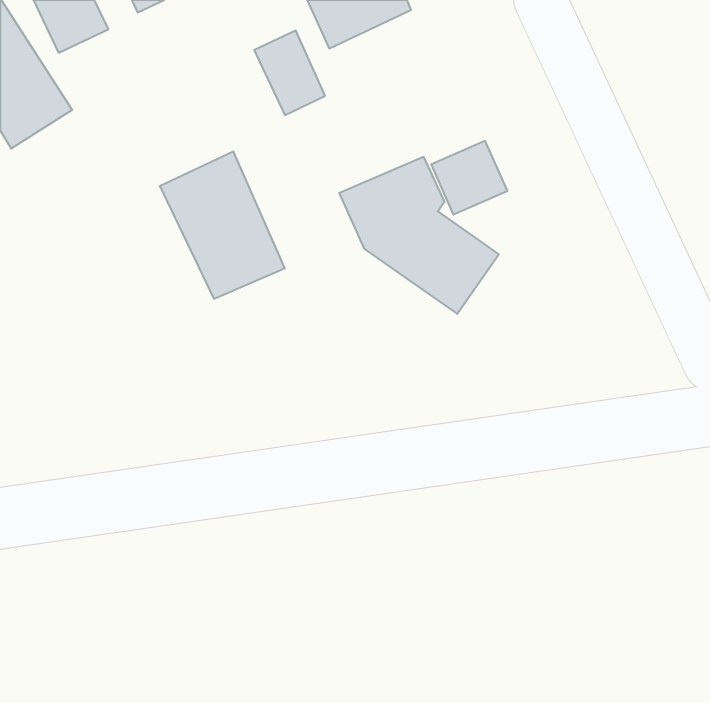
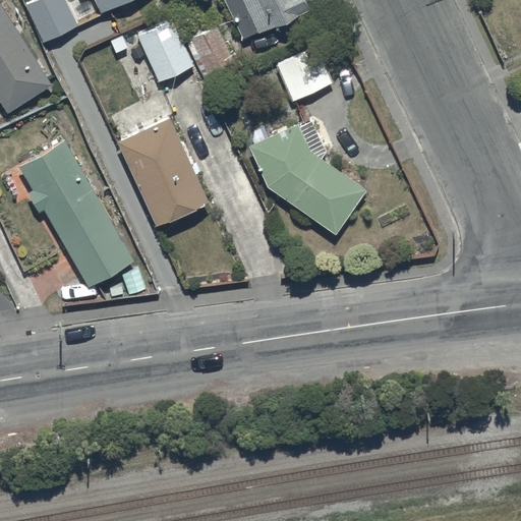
building: none -> [137,20,194,83]
building: [431,141,507,215] -> [276,48,332,102]
building: none -> [20,140,134,286]

